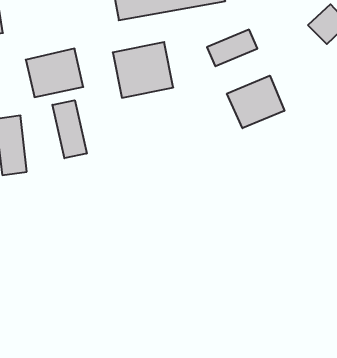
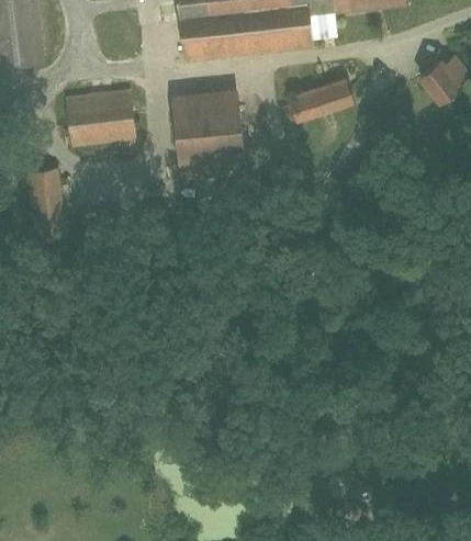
building: [227,76,284,128] -> none
building: [52,100,87,158] -> none

